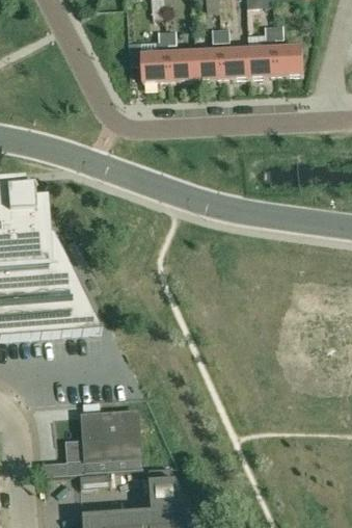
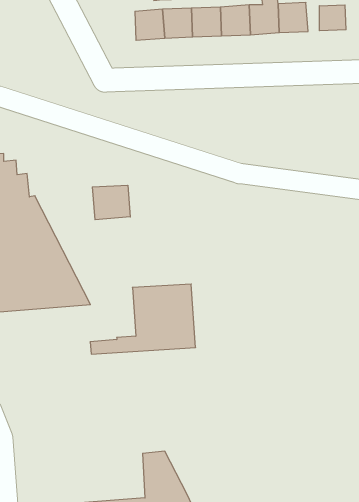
building: none -> [319,5,346,31]
building: none -> [92,185,130,220]
building: [44,410,142,475] -> [90,284,196,354]

